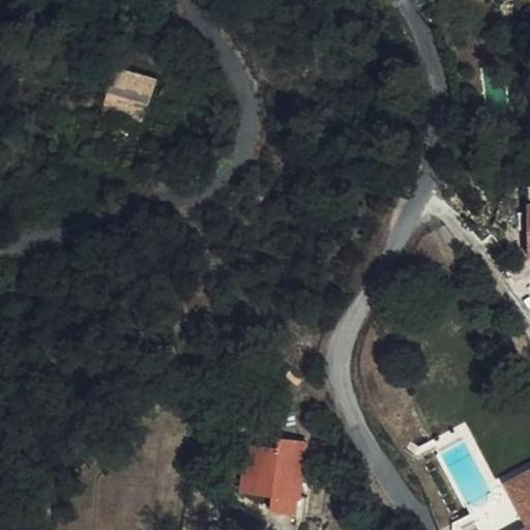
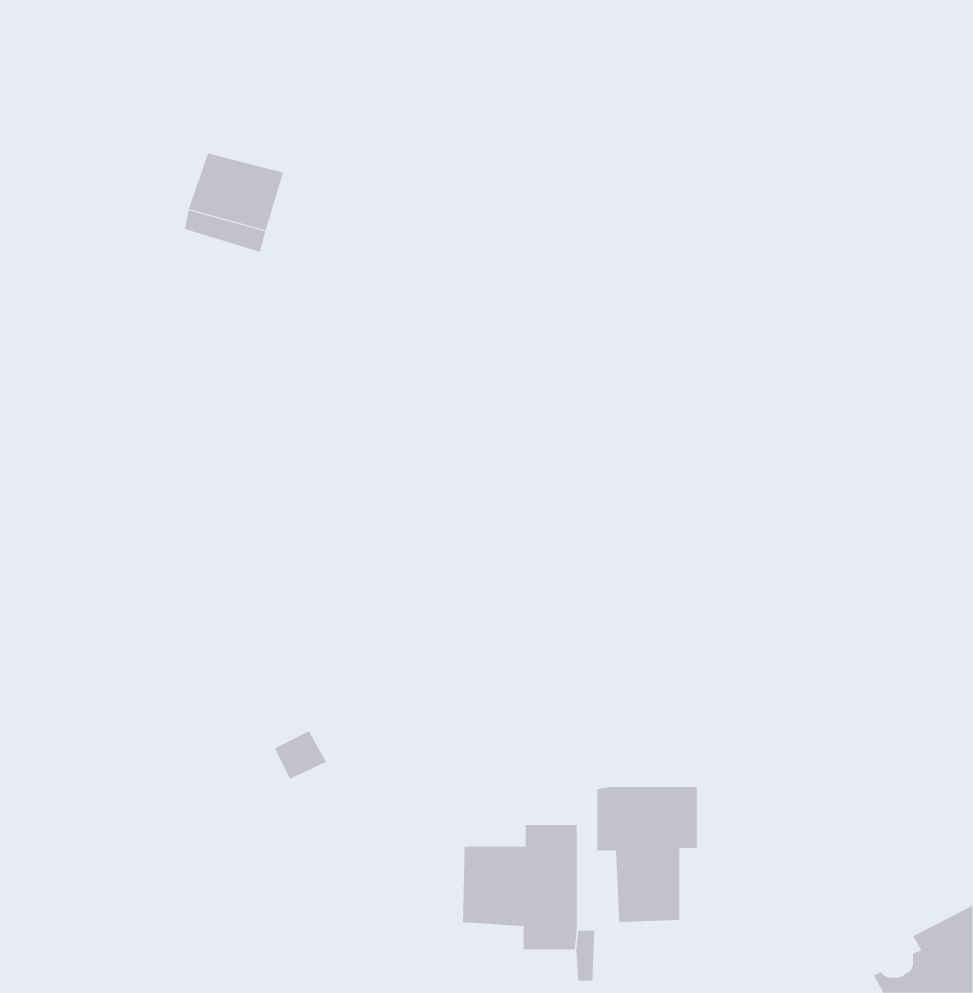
building: none -> [597,786,697,923]

